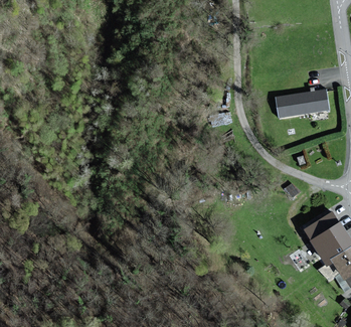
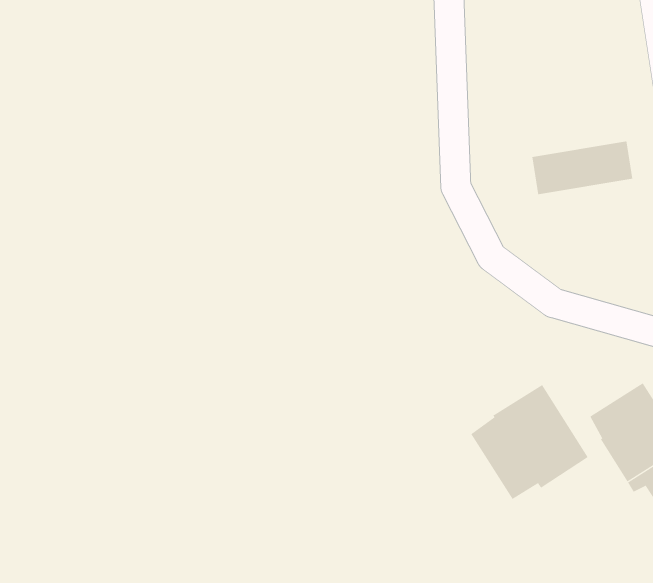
building: none -> [471,384,589,500]

